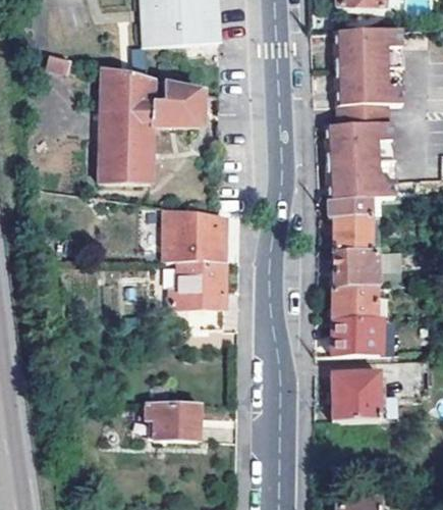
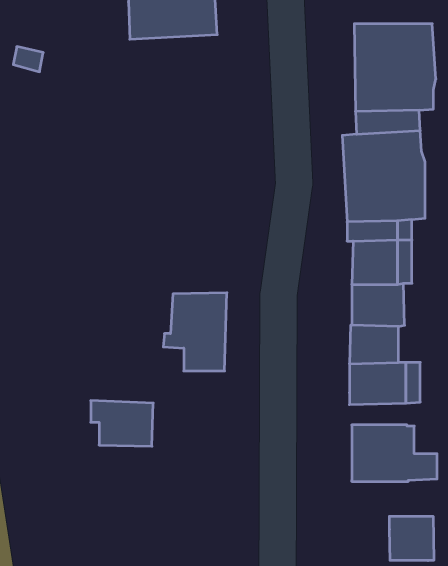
building: [98,65,201,183] -> none
building: [163,206,226,261] -> none
building: [145,401,198,440] -> [91,401,153,446]
building: none -> [389,516,434,561]

